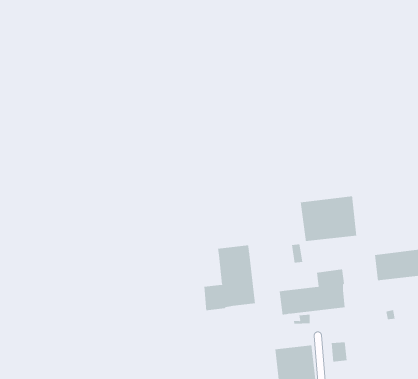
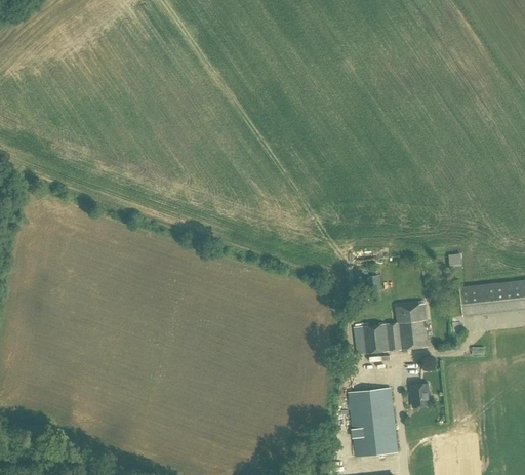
building: [300,196,357,242] -> none
building: [204,245,255,311] -> none

